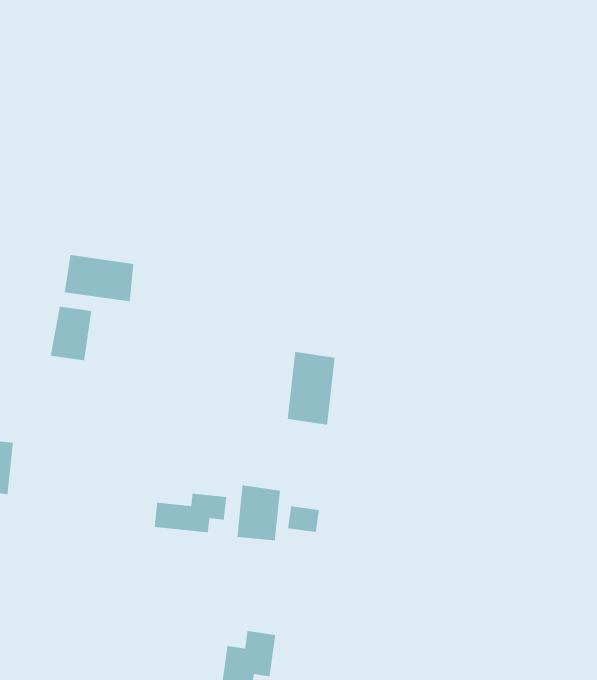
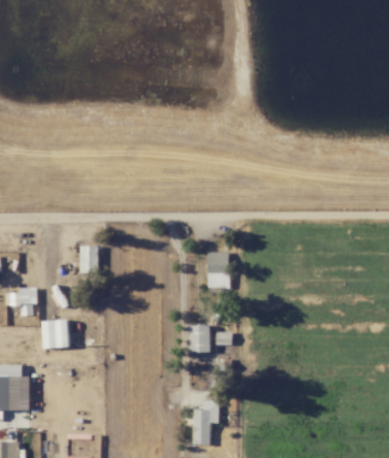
building: [64,254,134,302] -> none
building: [154,493,227,533] -> none

